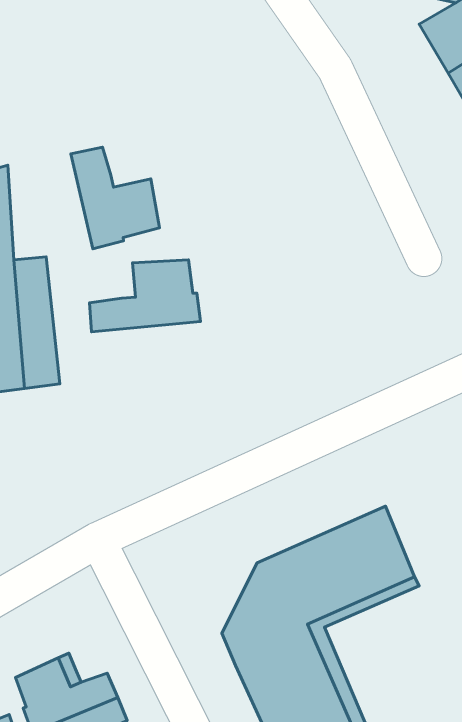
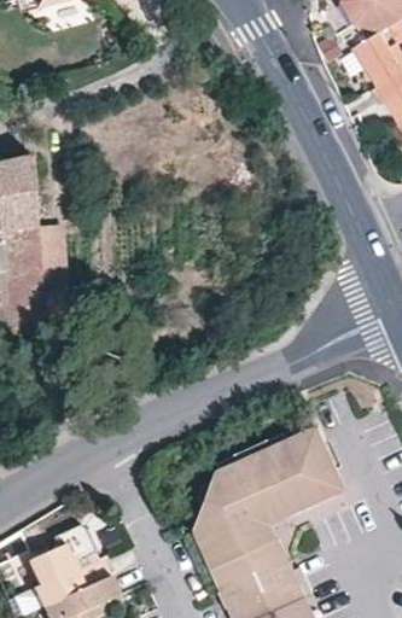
building: [71,147,160,249] -> none
building: [89,260,201,332] -> none

